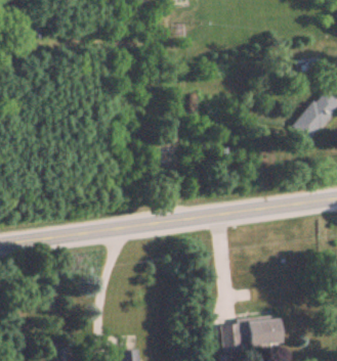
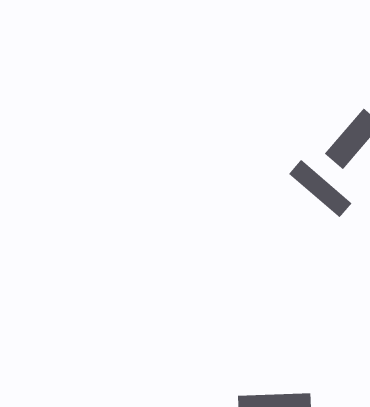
building: none -> [288,159,352,218]

